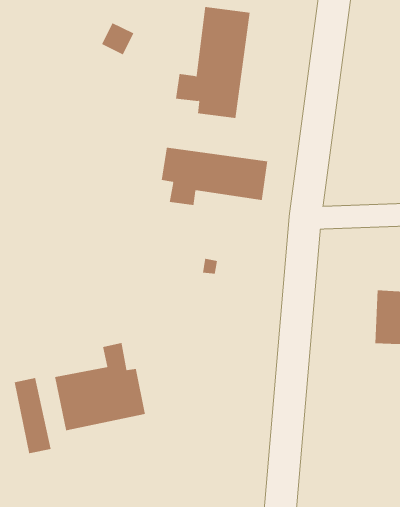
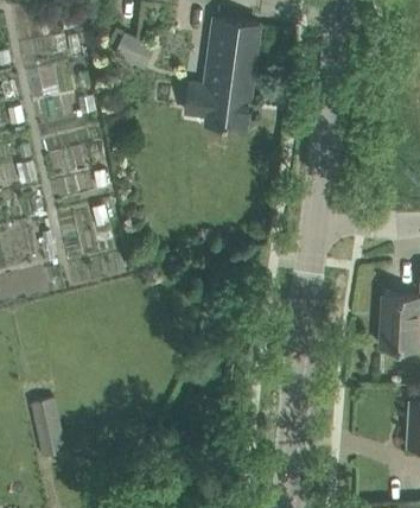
building: [161,147,268,206] -> none
building: [55,342,145,431] -> none

